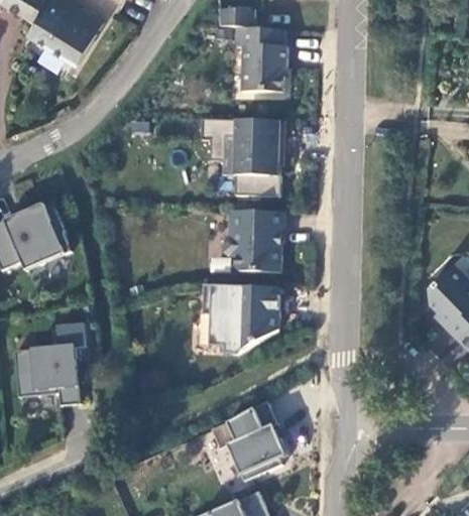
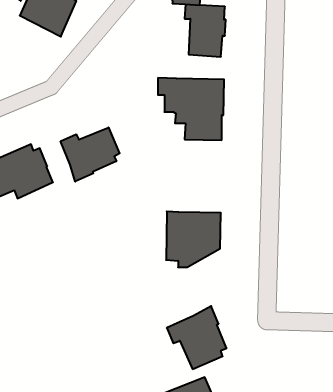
building: none -> [61,127,120,182]
building: [224,209,281,270] -> none
building: [14,343,81,403] -> none

